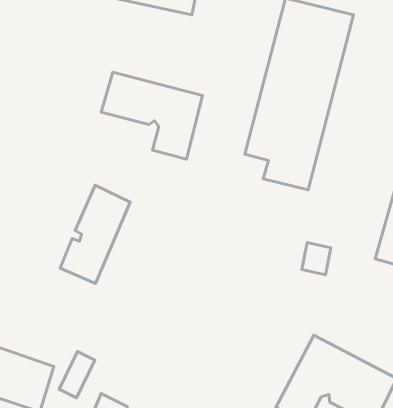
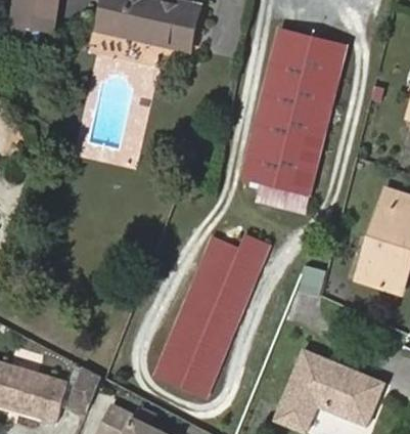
building: [101,72,203,159] -> none
building: [60,185,130,284] -> none
building: none -> [152,235,268,398]

